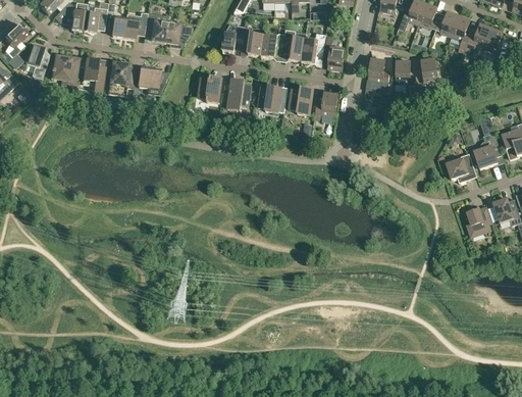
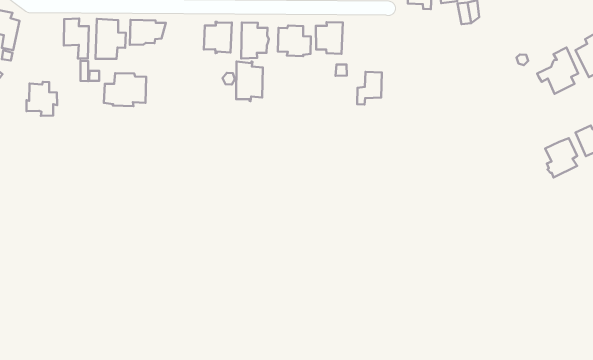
building: [51,55,77,84] -> [26,82,57,116]
building: [315,93,338,119] -> [357,72,382,104]
building: none -> [104,73,146,106]
building: none -> [236,61,263,101]
building: [447,153,474,183] -> none

